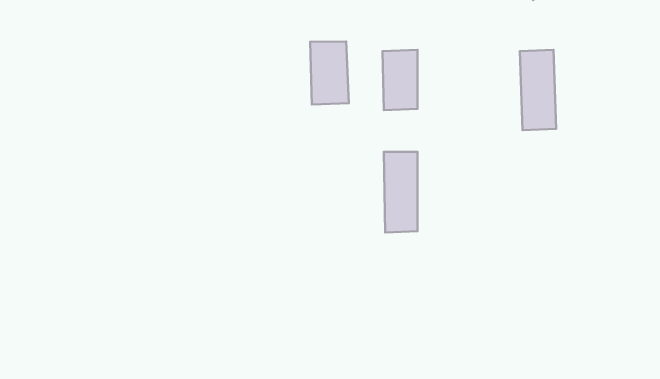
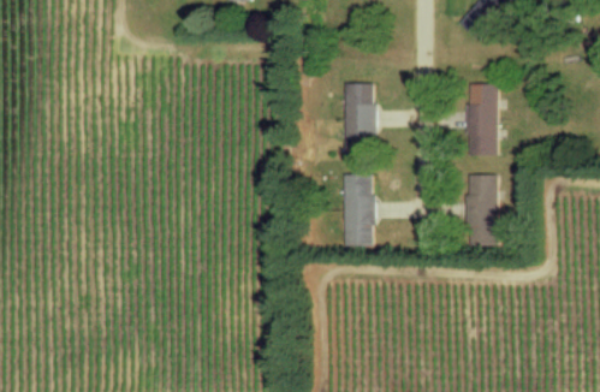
building: [310,42,349,104] -> none
building: none -> [467,174,500,248]

